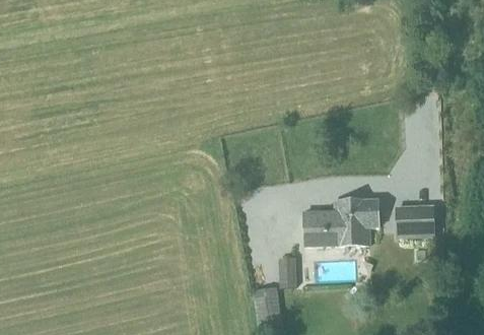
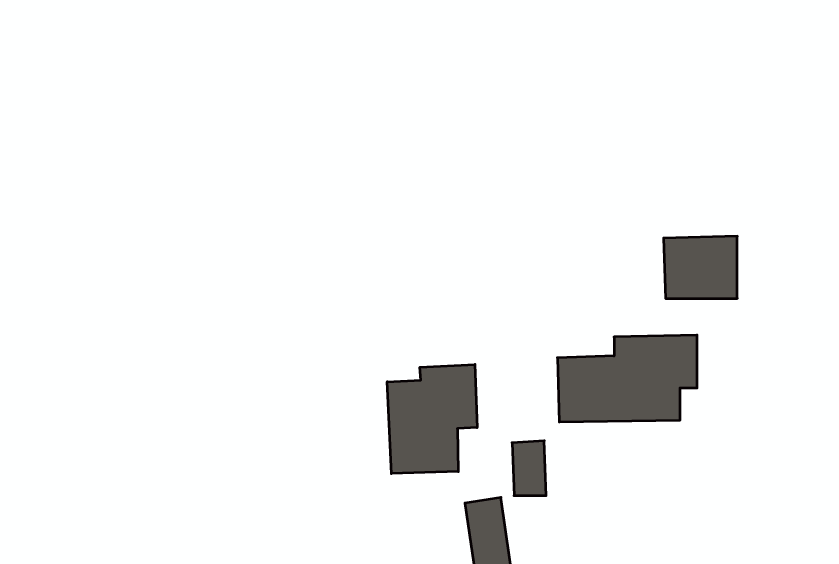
building: [396,204,435,238] -> [664,236,737,298]
building: none -> [387,364,477,474]

